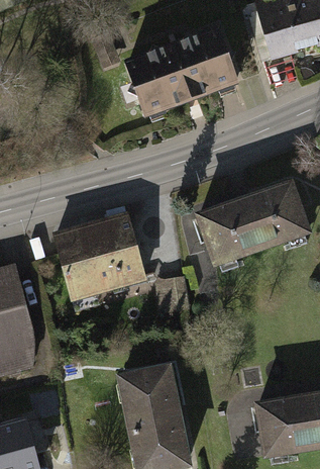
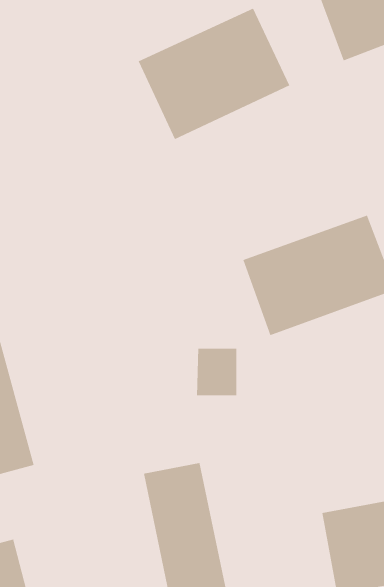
building: [54,207,147,301] -> none

